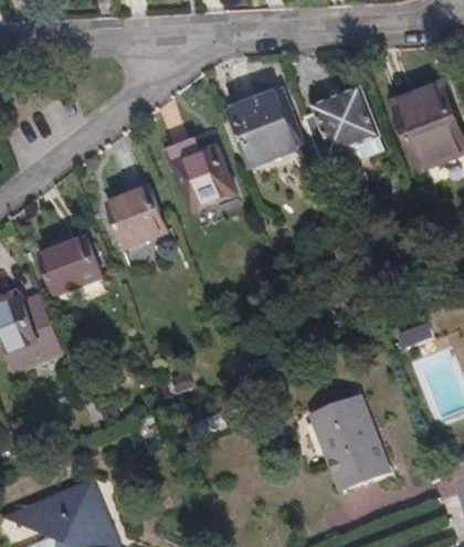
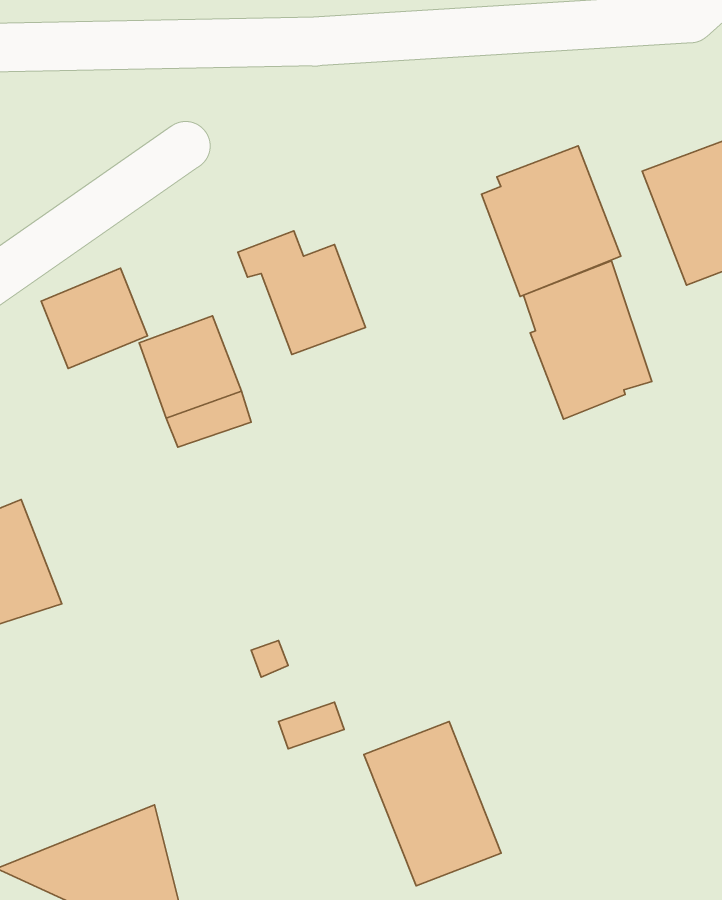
building: [232,90,298,162] -> none
building: none -> [523,261,652,419]
building: [39,235,99,293] -> [41,268,147,369]
building: [308,390,387,484] -> [364,722,501,886]

